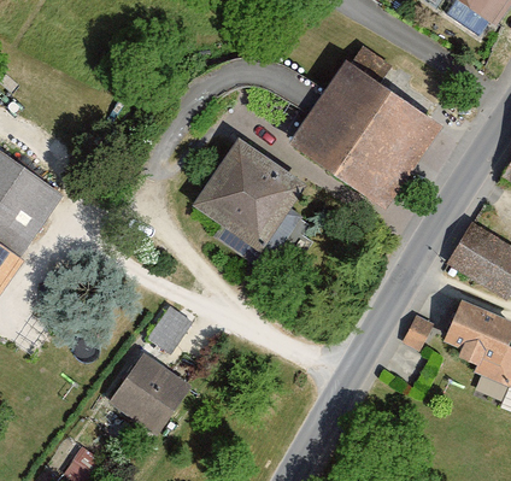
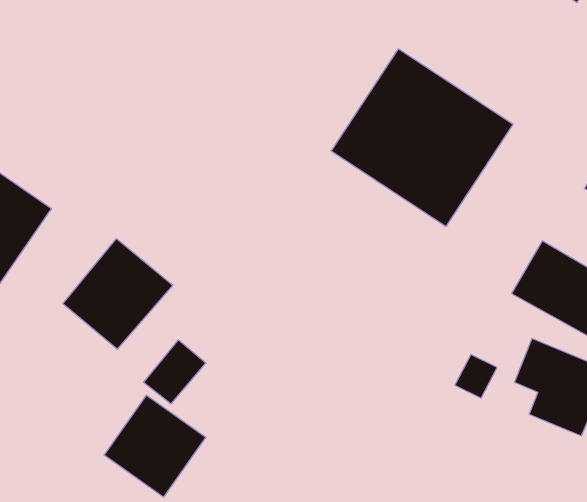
building: [195,139,309,272] -> none
building: none -> [63,239,173,349]

